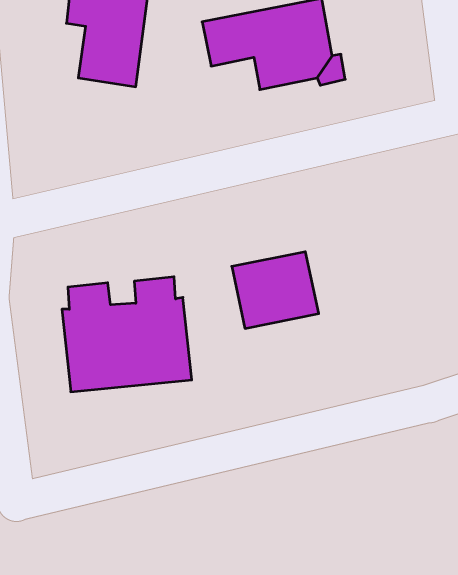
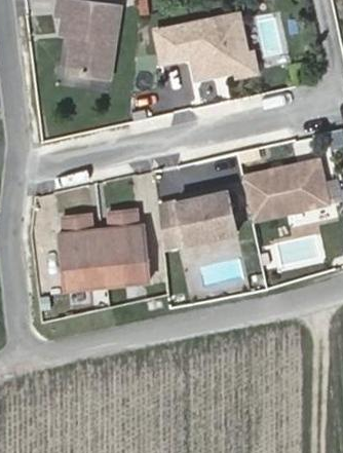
building: none -> [243,161,328,220]
building: none -> [158,200,185,249]

